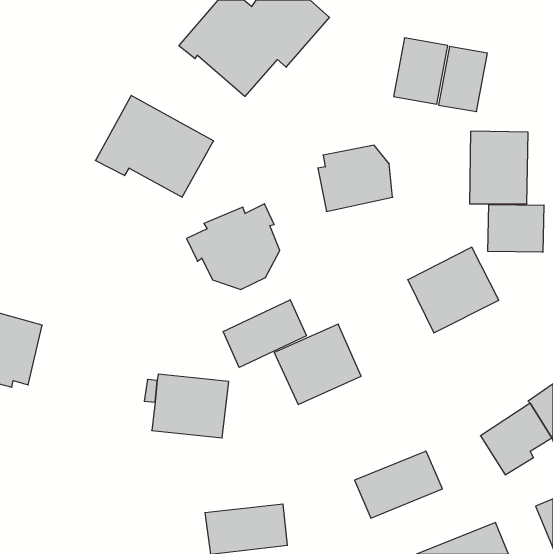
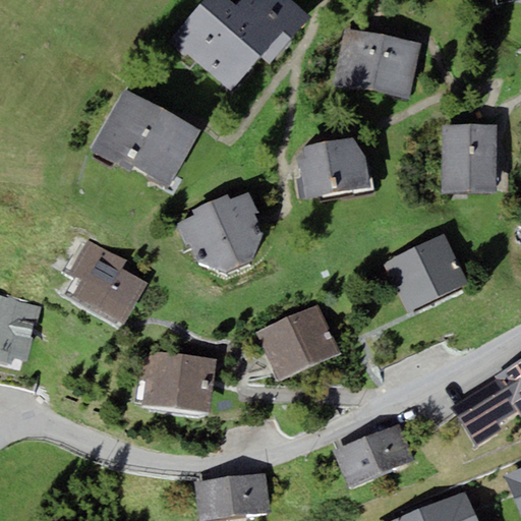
building: [439,47,487,112] -> [334,30,380,91]
building: [488,204,544,252] -> none
building: none -> [68,240,147,325]
building: [223,300,306,367] -> none

